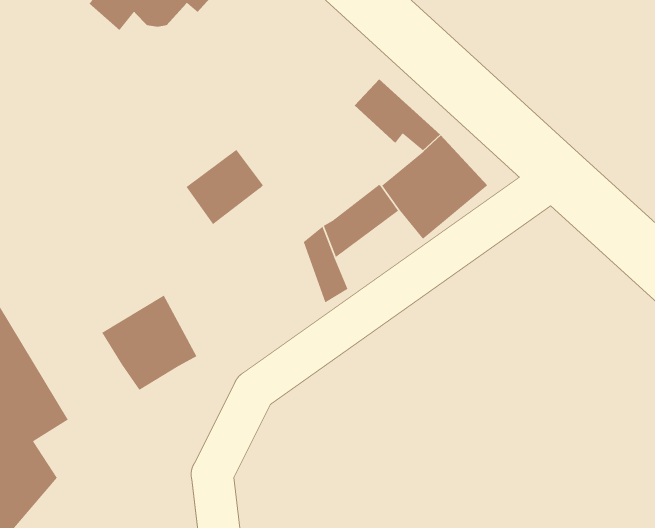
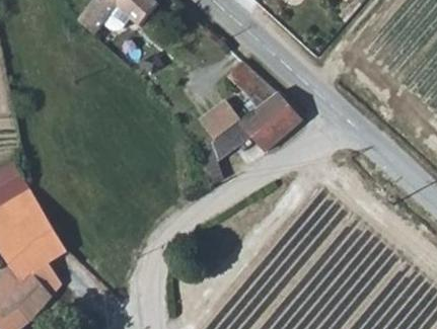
building: [186,149,264,225] -> [199,96,242,139]
building: [101,295,198,391] -> none

